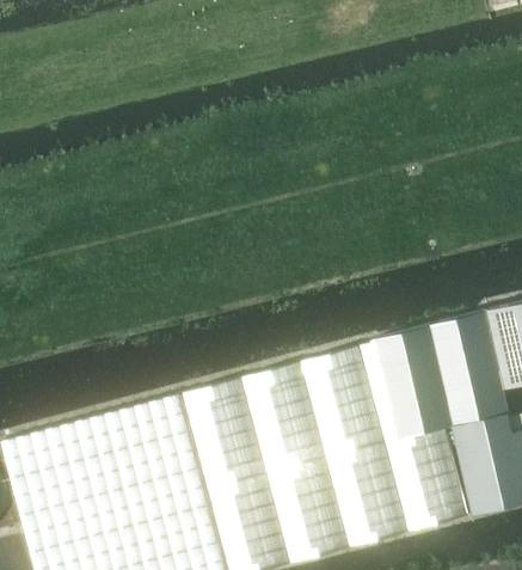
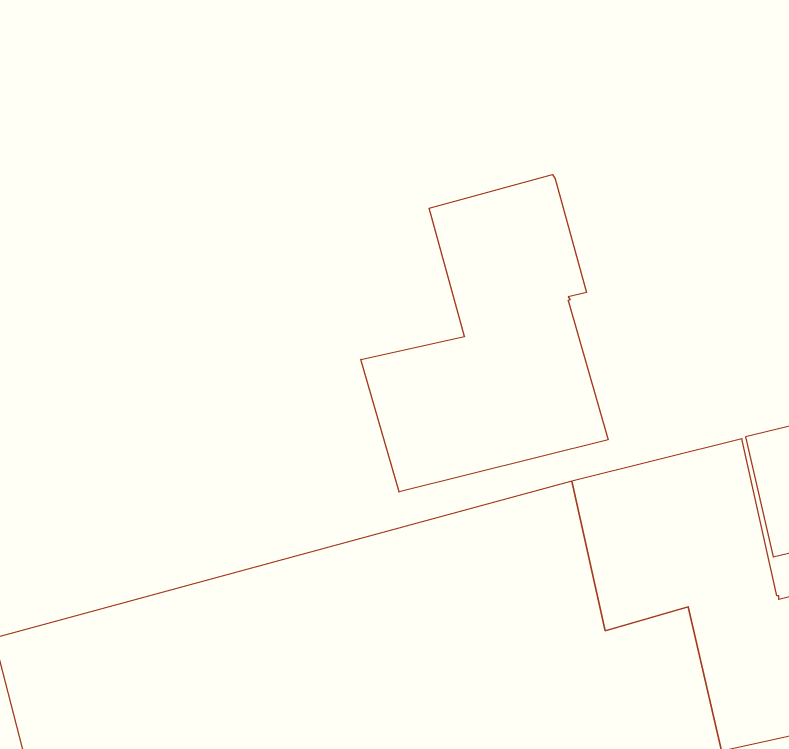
building: none -> [361,175,608,492]

